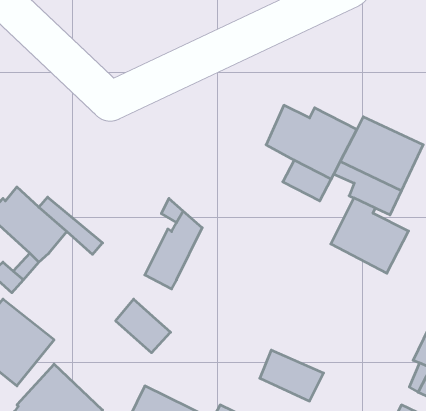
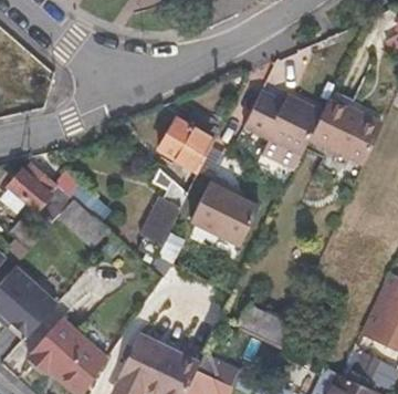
building: none -> [164,120,222,178]
building: [331,198,409,273] -> [193,182,261,247]
building: [116,299,171,353] -> [56,201,104,248]

